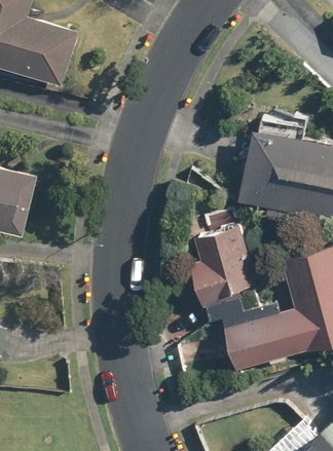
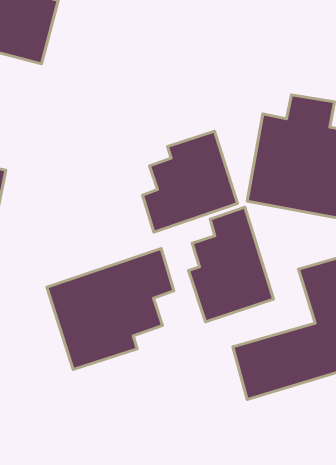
building: none -> [143,131,238,232]
building: none -> [47,249,174,370]

